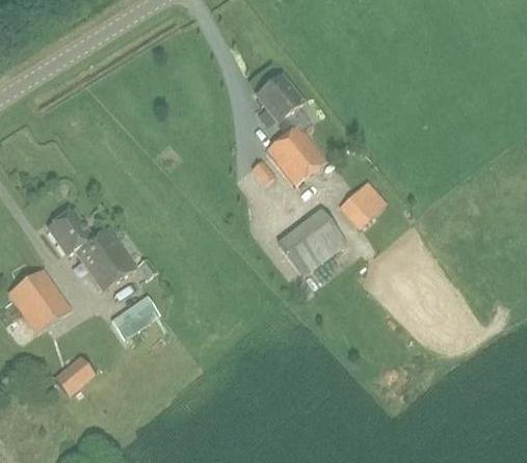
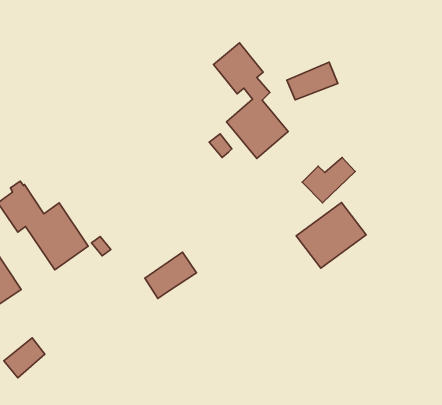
building: none -> [287,62,338,100]
building: [279,210,346,273] -> [296,202,366,268]
building: [110,295,160,339] -> [145,252,197,299]

